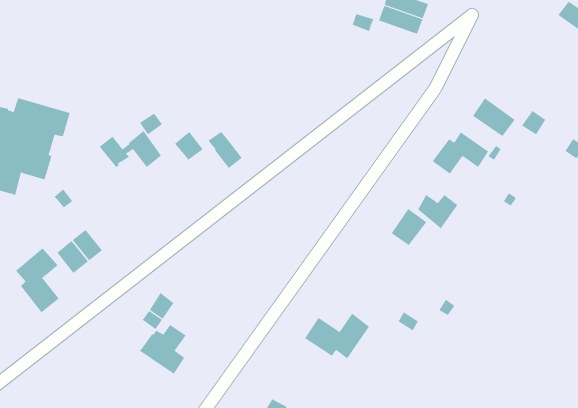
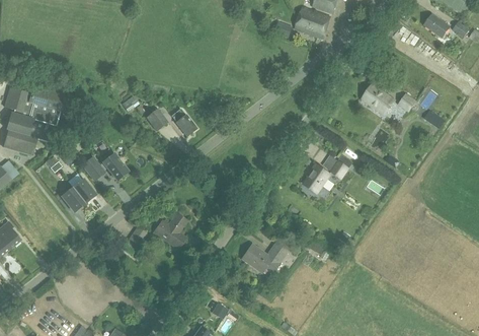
building: [99,130,162,168] -> [81,153,127,181]
building: [432,132,489,174] -> none
building: [15,248,59,313] -> none
building: [139,324,187,375] -> [152,213,186,250]

